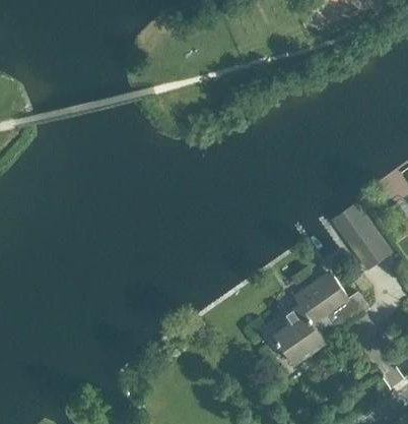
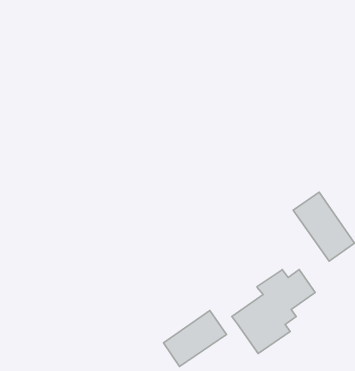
building: none -> [164,310,227,367]

